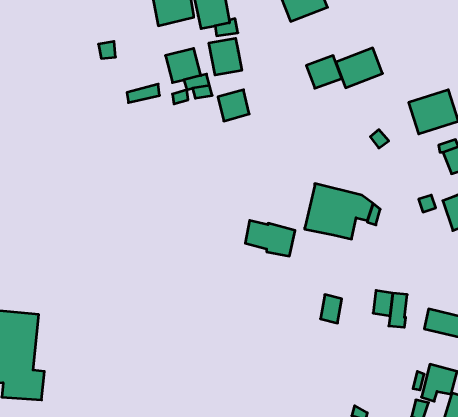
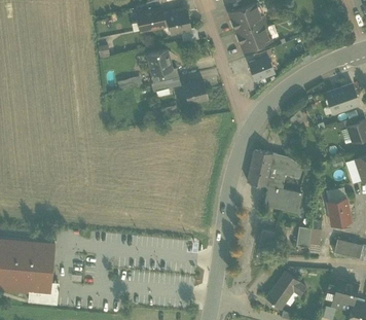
building: [209,38,242,75] -> none
building: [336,48,383,88] -> [236,21,270,49]
building: [245,220,295,256] -> [264,185,300,211]
building: none -> [327,197,350,224]
building: none -> [265,271,305,308]

